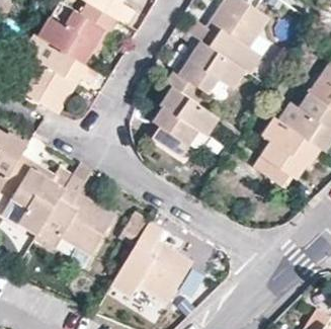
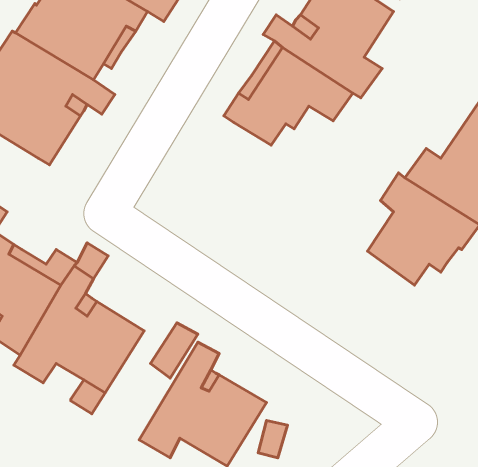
building: [150,88,216,158] -> none

